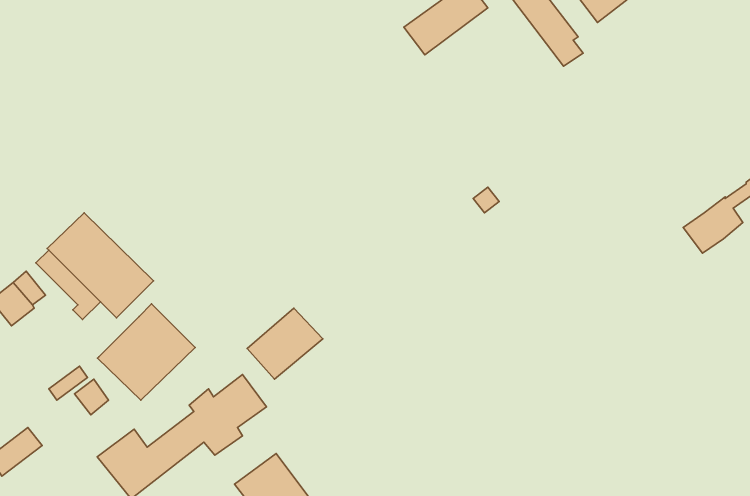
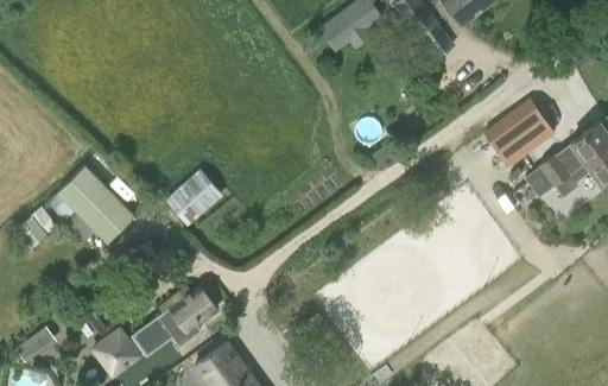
building: none -> [486,100,555,164]
building: [97,304,195,400] -> none
building: [247,308,323,379] -> [166,171,222,223]

